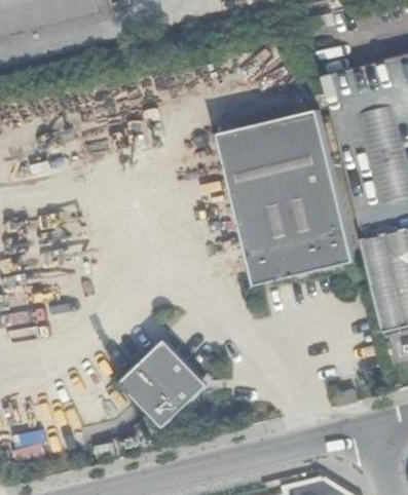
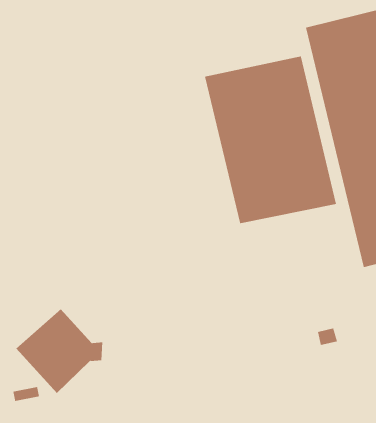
building: [118,337,210,426] -> [16,308,103,394]

